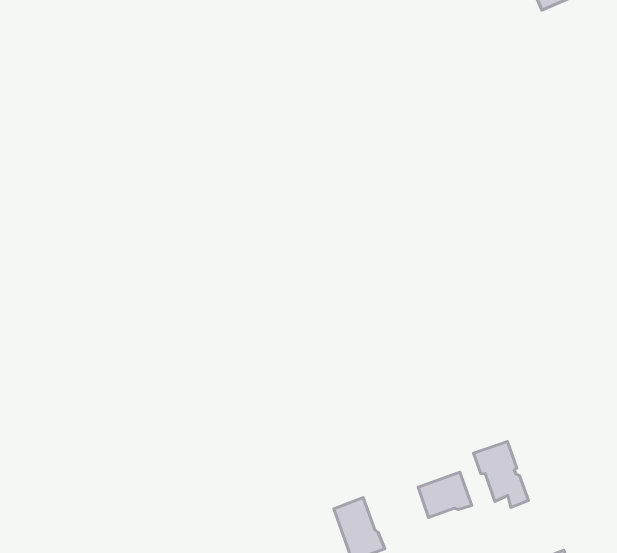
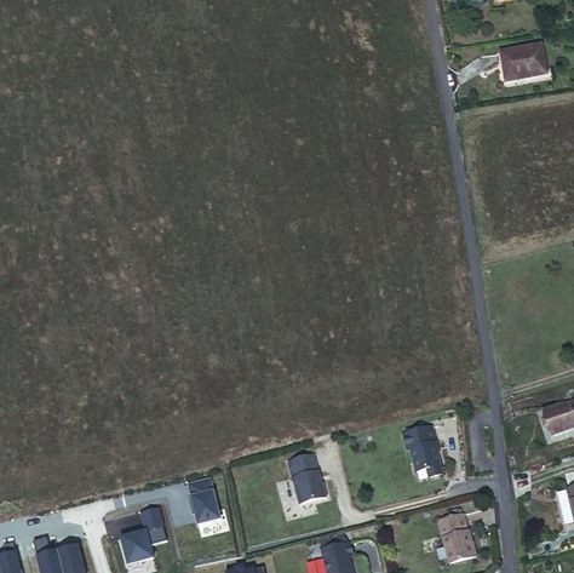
building: [418,472,472,518] -> none

